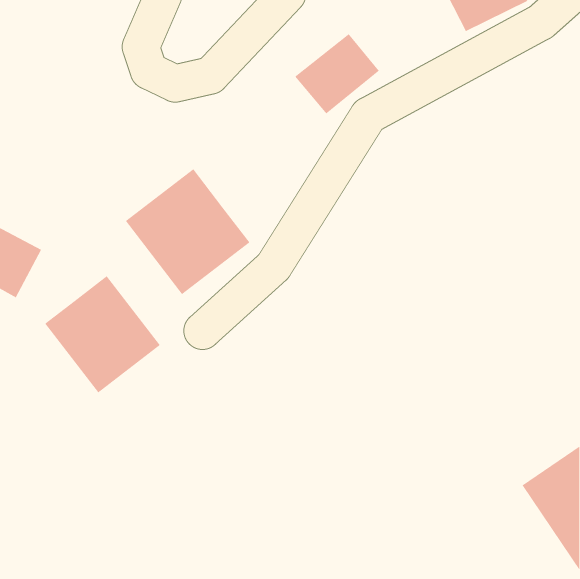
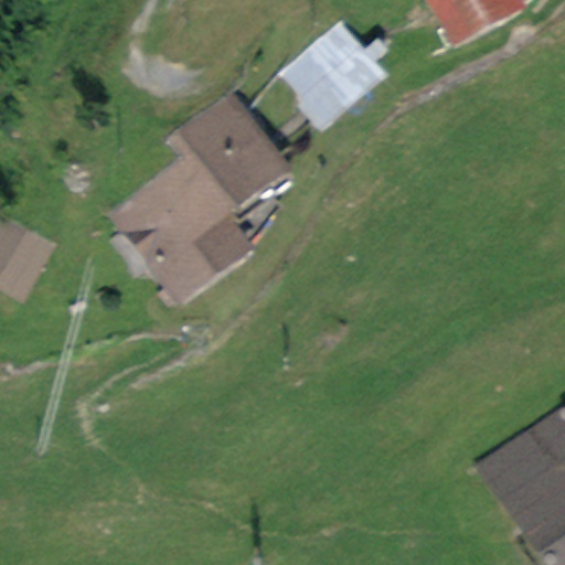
building: none -> [172,102,269,200]
building: [44,275,161,394] -> none

